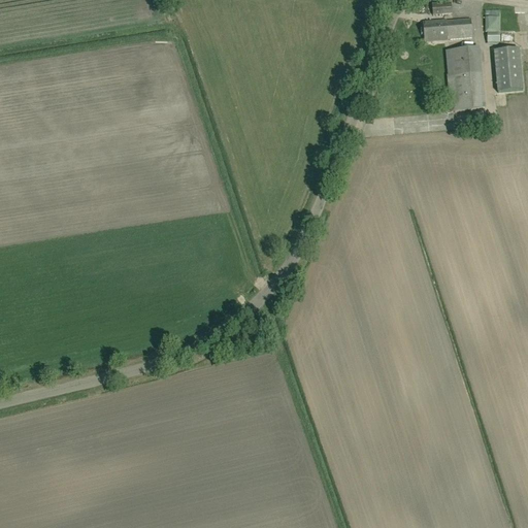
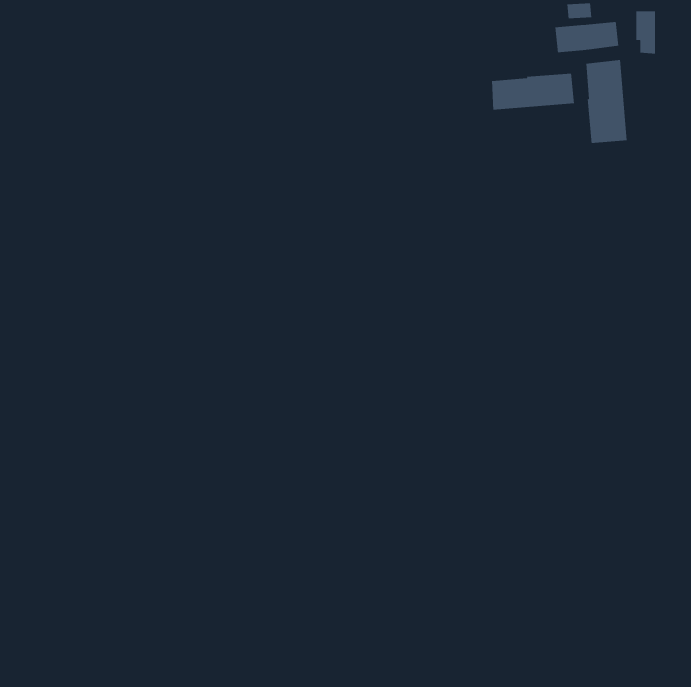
building: [494,46,523,91] -> none
building: none -> [491,73,574,110]

